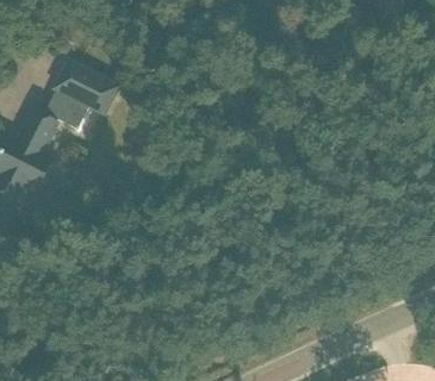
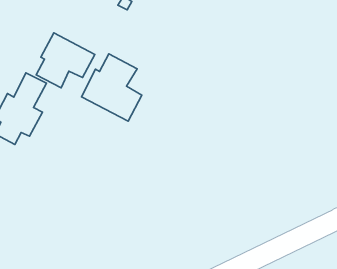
building: none -> [82,54,142,121]

